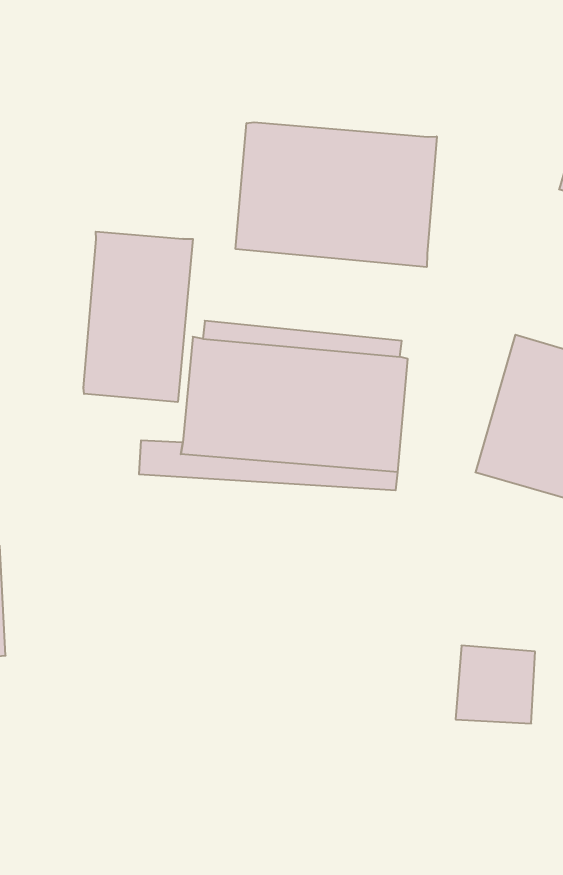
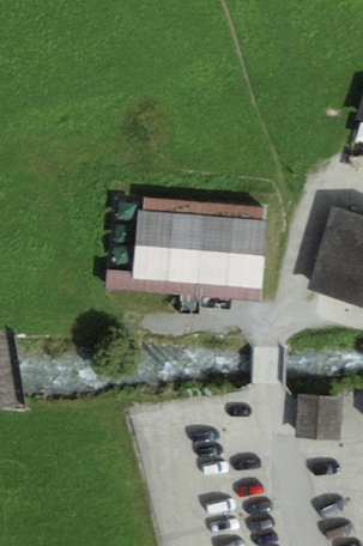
building: [236,122,437,267] -> none
building: [84,232,193,402] -> none

